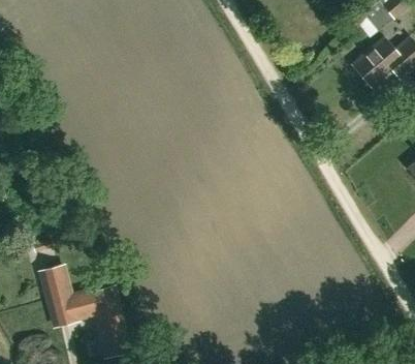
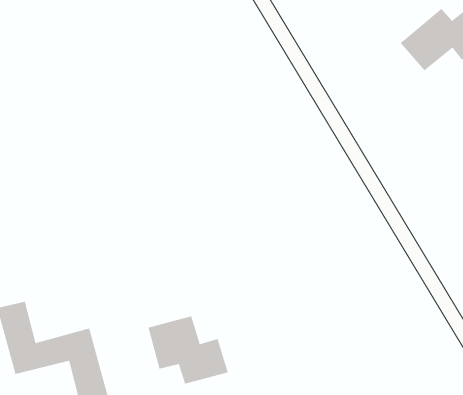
building: none -> [148,316,229,385]

